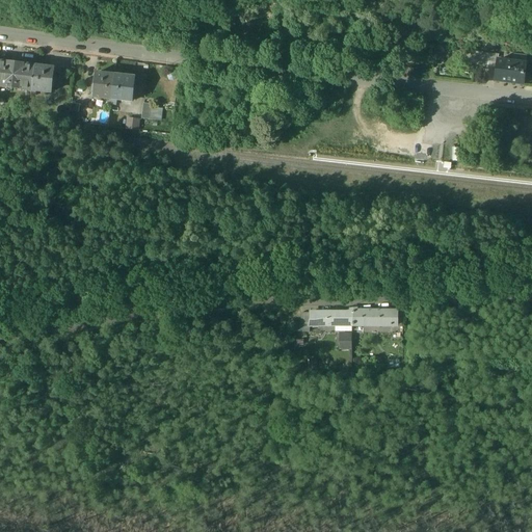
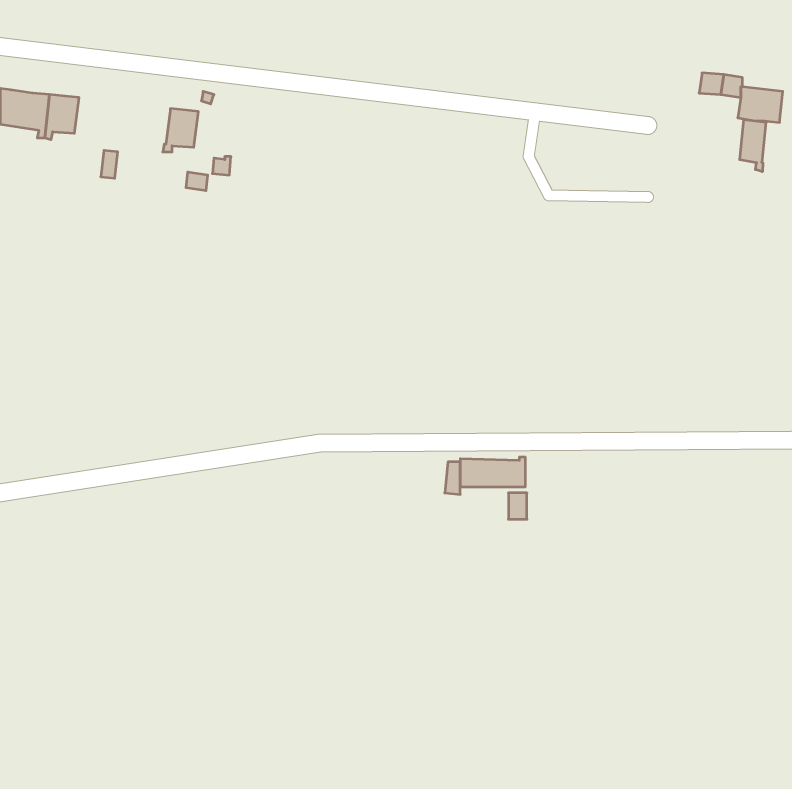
building: [91,71,114,102] -> none
building: none -> [740,120,766,172]
building: [352,307,398,326] -> none

